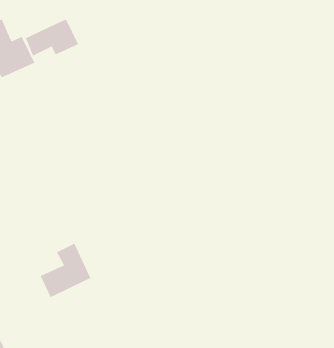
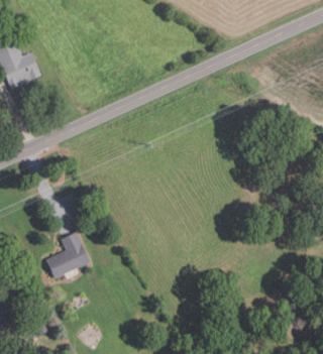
building: [25,19,79,56] -> none

